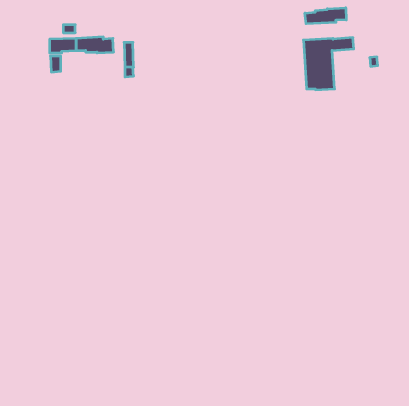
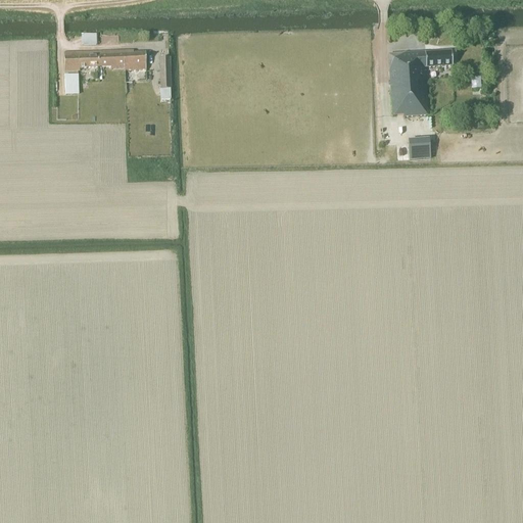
building: [305,8,346,24] -> none
building: none -> [409,140,430,160]

